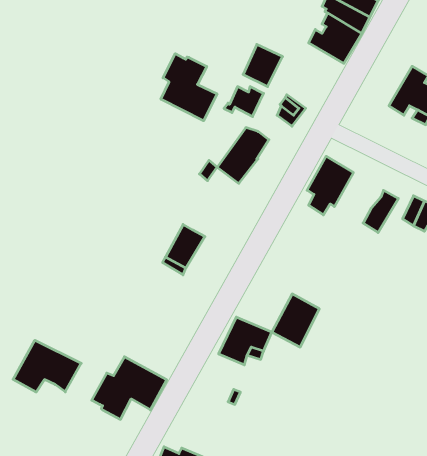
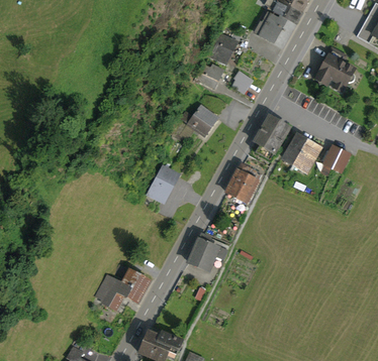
building: [161,54,217,121] -> none
building: none -> [283,134,310,165]
building: [272,294,319,347] -> [225,163,261,203]
building: [13,340,81,392] -> none

